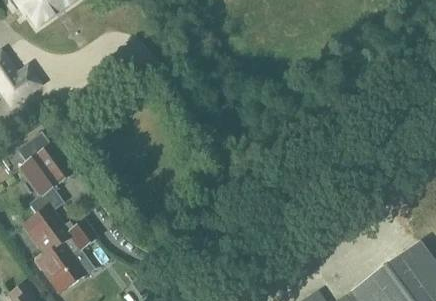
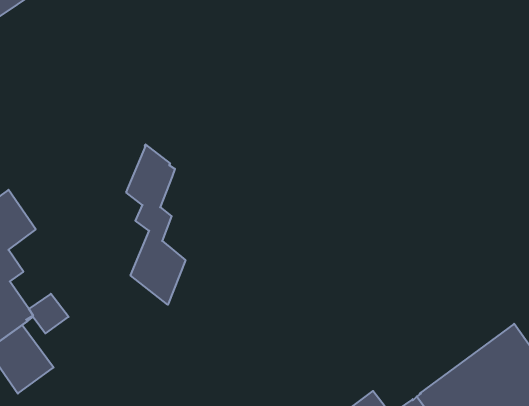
building: none -> [126,144,185,305]

